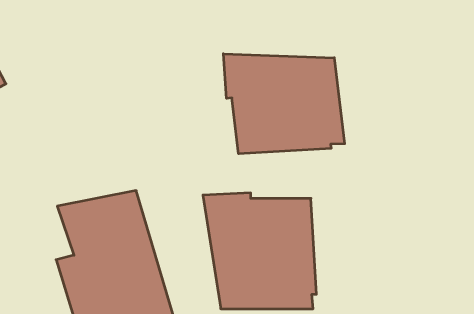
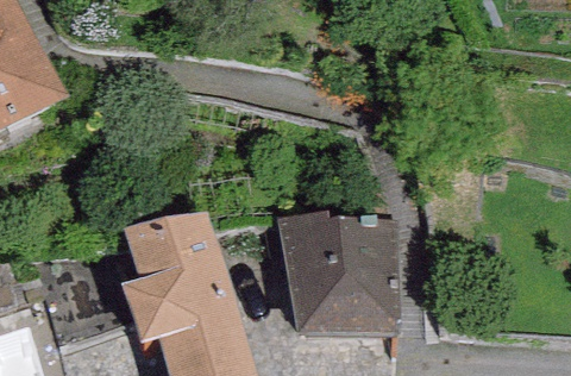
building: [223,54,345,154] -> none

